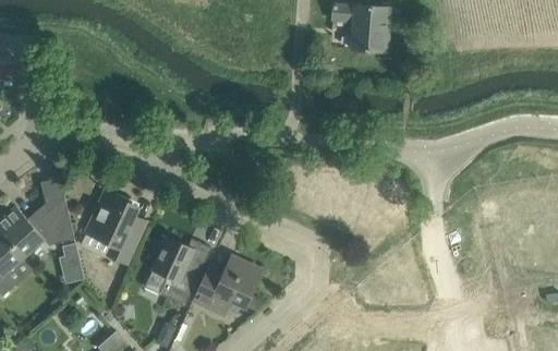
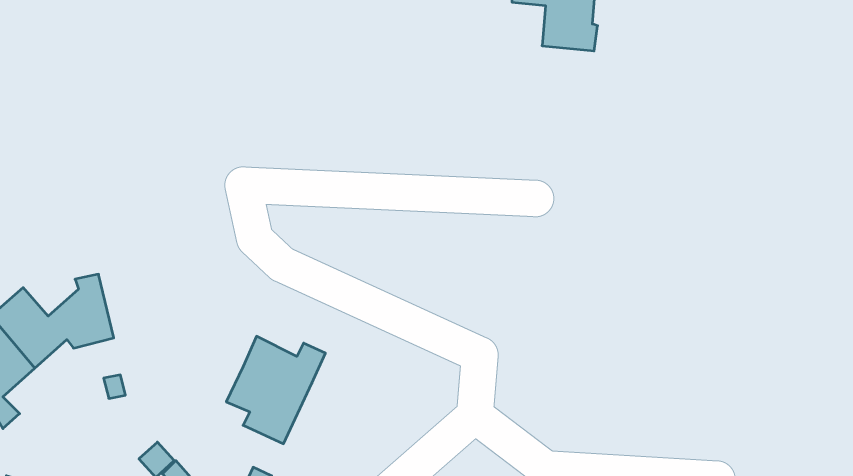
building: [87,194,140,263] -> none
building: [194,257,267,314] -> none

